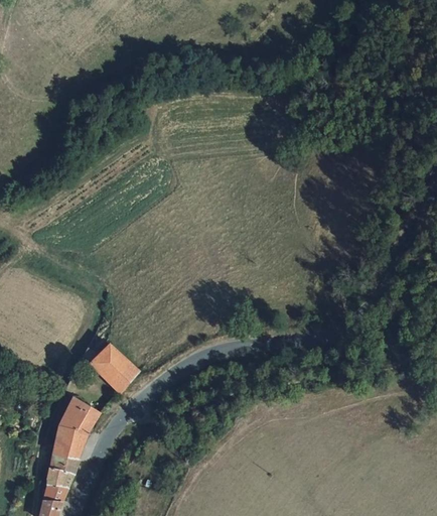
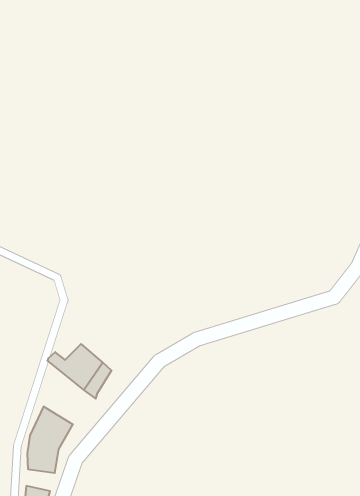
building: [50,453,78,475] -> none

